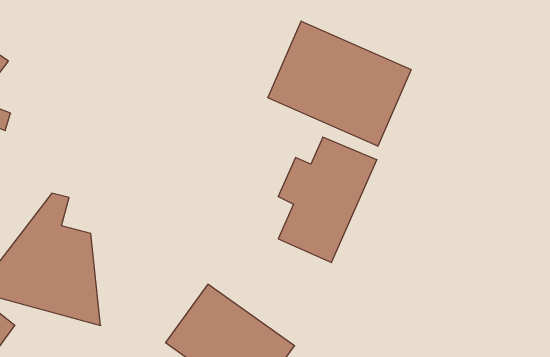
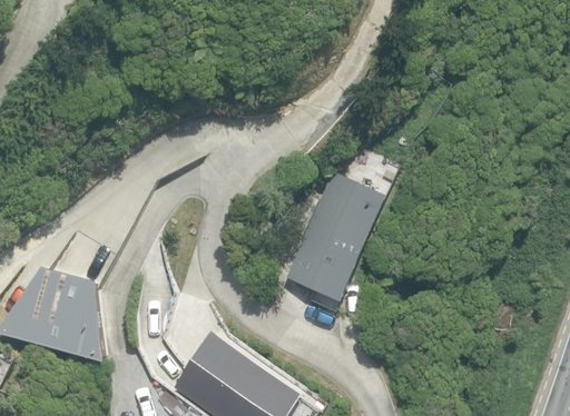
building: [268,21,411,146] -> none

